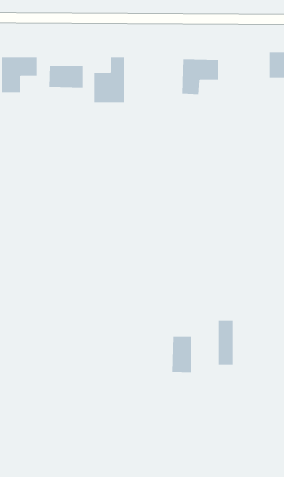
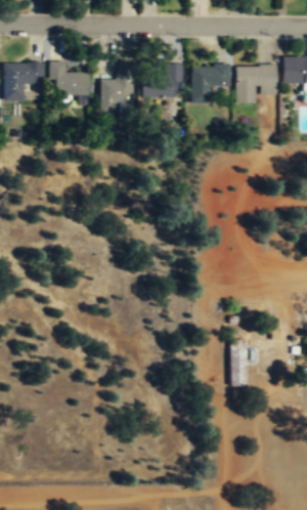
building: none -> [237,66,277,100]
building: none -> [146,69,181,96]
building: [172,336,192,373] -> none

